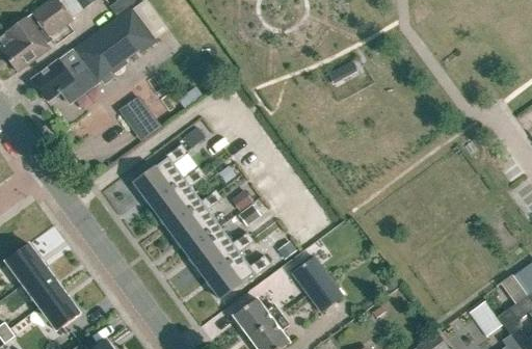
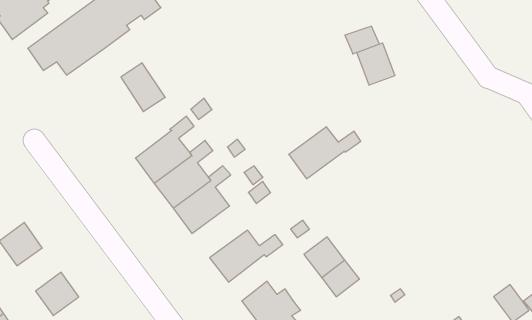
building: none -> [357,43,395,85]
building: [186,227,254,276] -> [289,127,361,179]
building: [22,267,63,307] -> none

